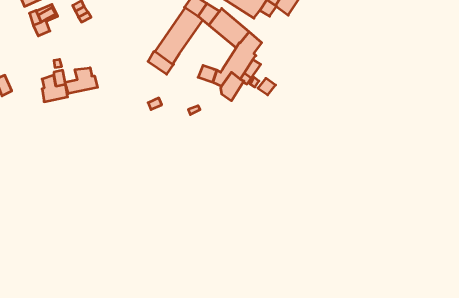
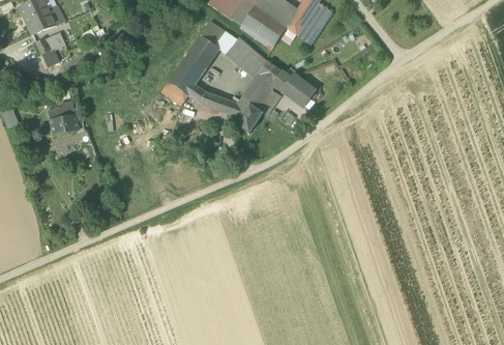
building: none -> [273,71,316,107]
building: none -> [187,84,219,109]
building: [65,68,98,94] -> none

